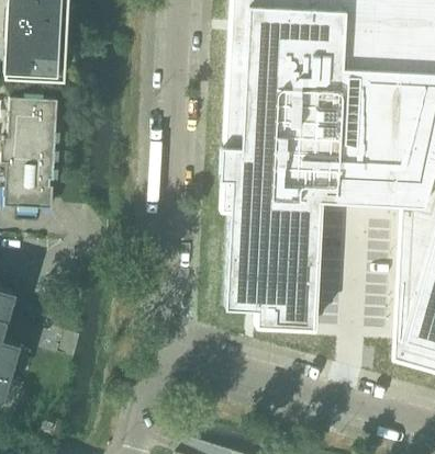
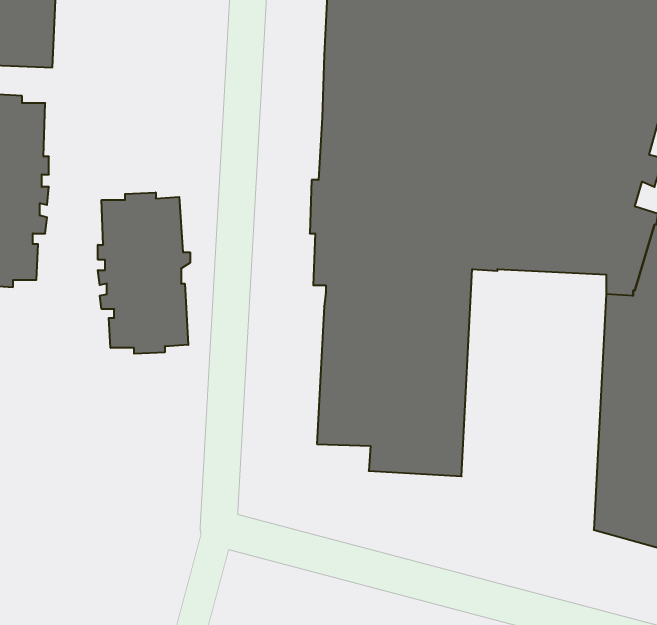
building: none -> [98,192,190,354]

